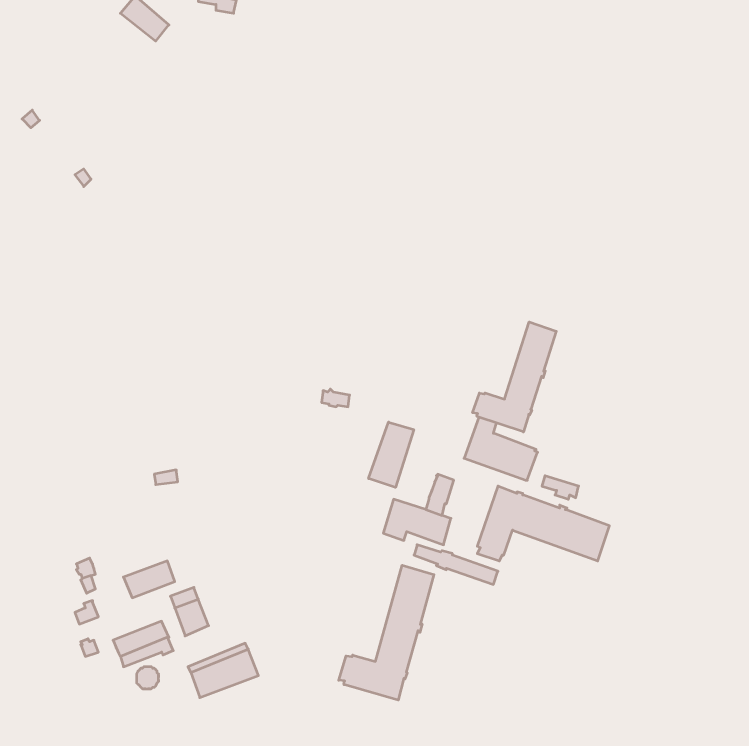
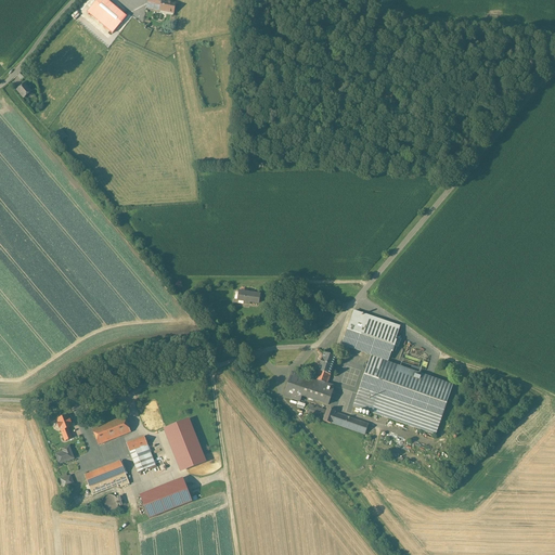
building: [473,322,556,432] -> none
building: [369,422,414,487] -> none
building: none -> [372,391,441,433]
building: none -> [163,416,204,469]
building: [339,565,434,700] -> none

